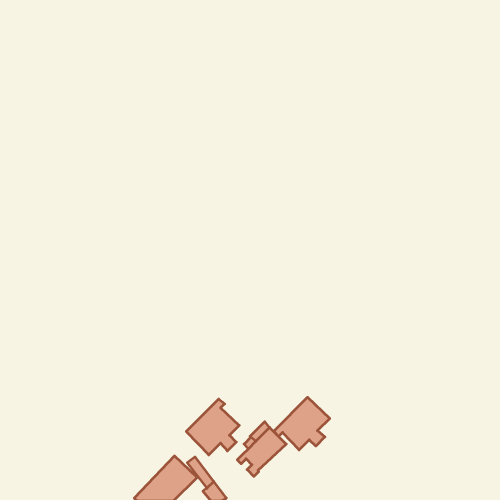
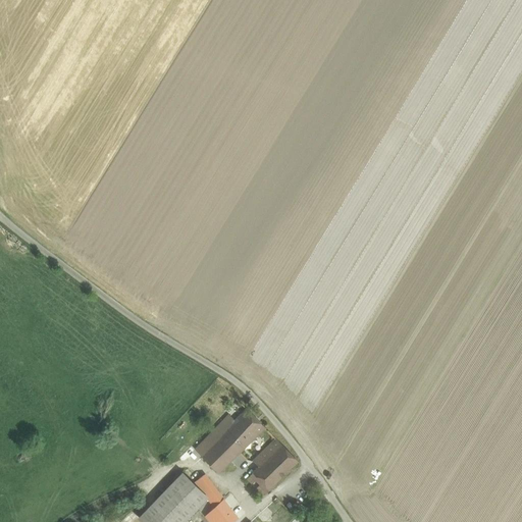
building: none -> [229,409,264,443]
building: [274,397,330,450] -> none

